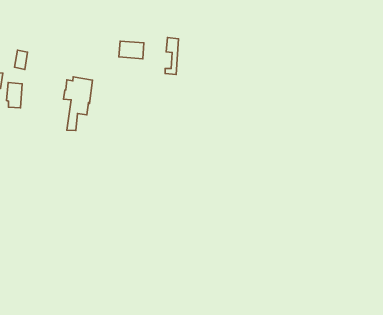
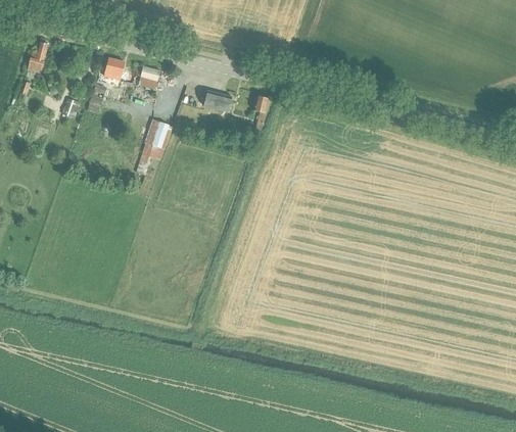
building: none -> [134,64,159,88]
building: [6,83,22,108] -> [103,56,123,85]

